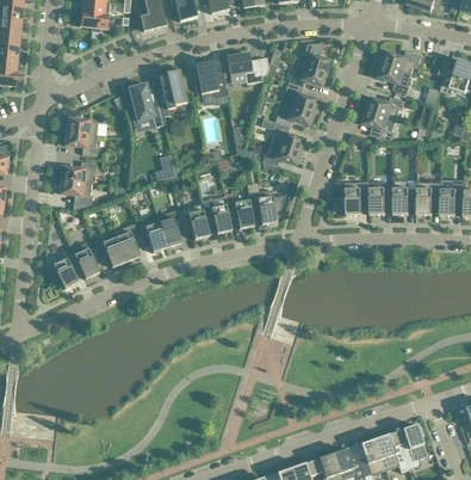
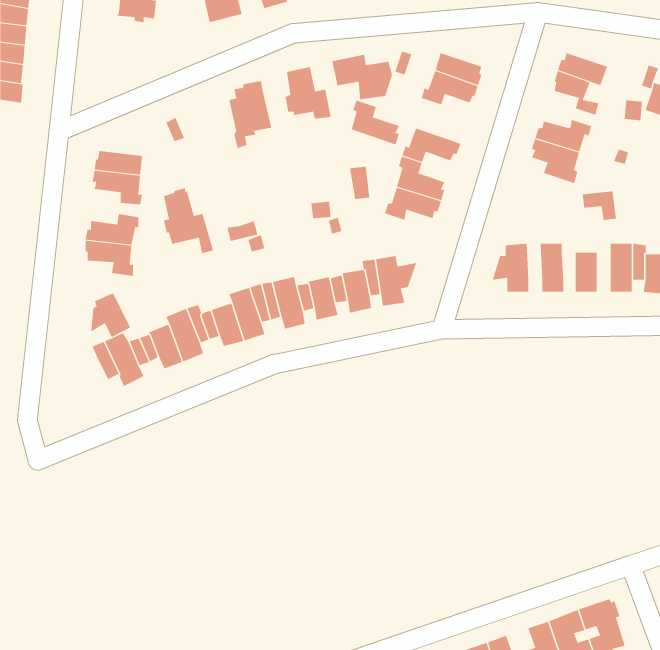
building: [129,82,163,128] -> [163,187,214,254]
building: [284,82,317,113] -> [351,100,400,145]
building: [50,258,78,289] -> [91,292,131,338]

